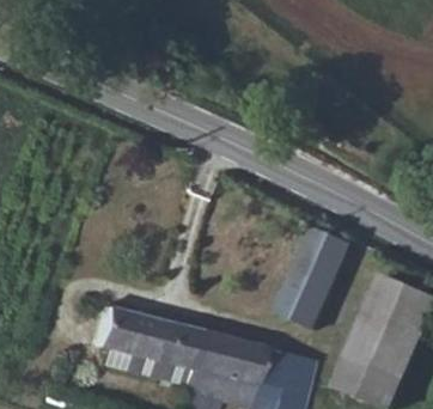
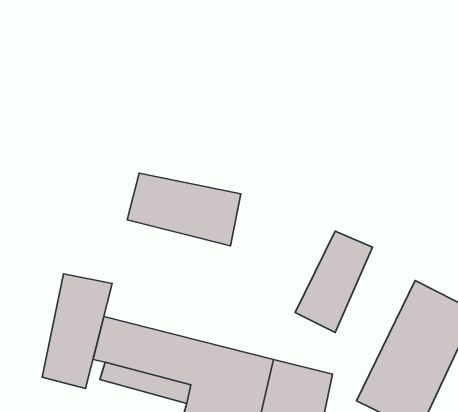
building: none -> [127,173,241,246]
building: none -> [42,274,112,388]

